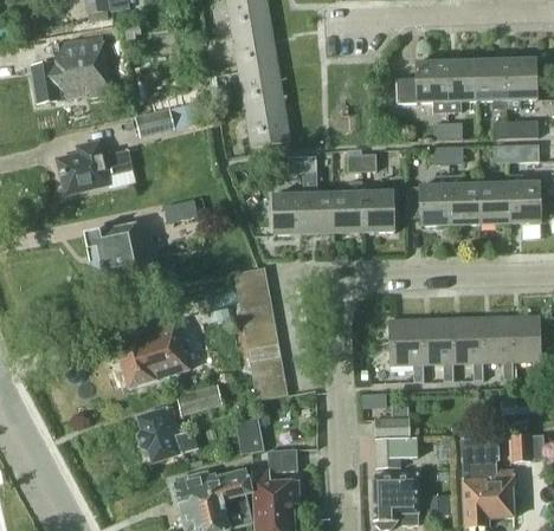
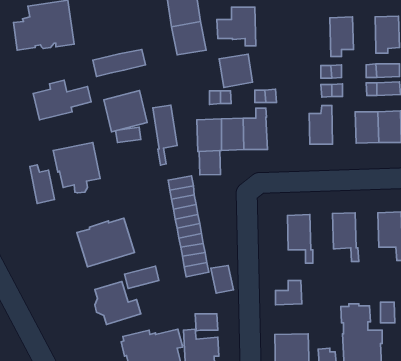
building: [476,58,507,108] -> none
building: [397,59,447,110] -> [217,7,256,46]
building: [246,102,290,145] -> [219,54,253,88]
building: none -> [104,91,147,132]
building: none -> [153,105,177,165]
building: [449,174,481,225] -> none
building: [362,189,394,232] -> none
building: none -> [199,151,221,175]
building: none -> [30,165,54,203]
building: [479,315,514,378] -> none
building: [420,316,455,380] -> none
building: [237,415,266,452] -> [211,265,233,293]
building: [375,435,419,467] -> none

